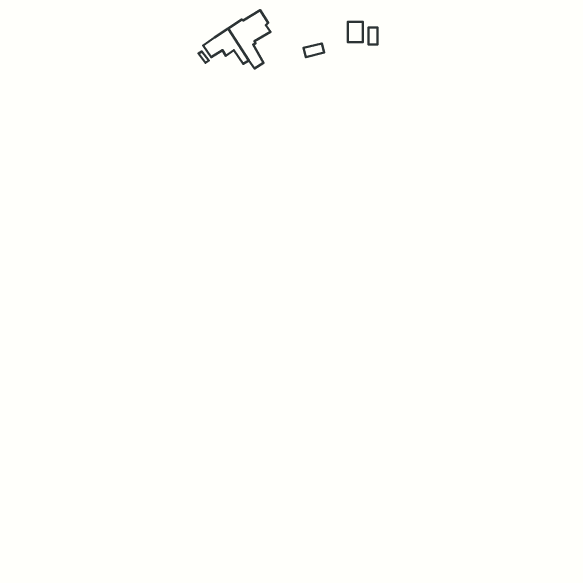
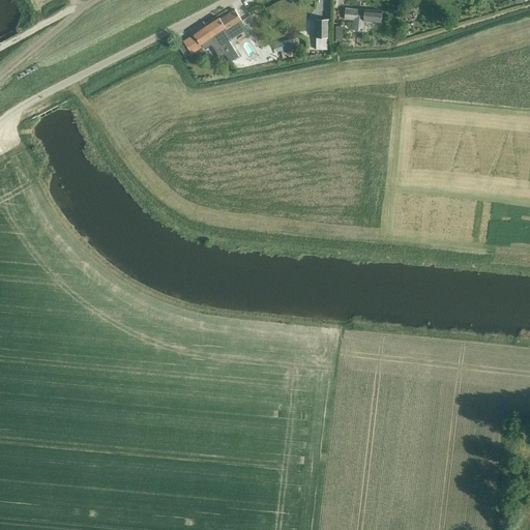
building: none -> [345,8,383,30]

